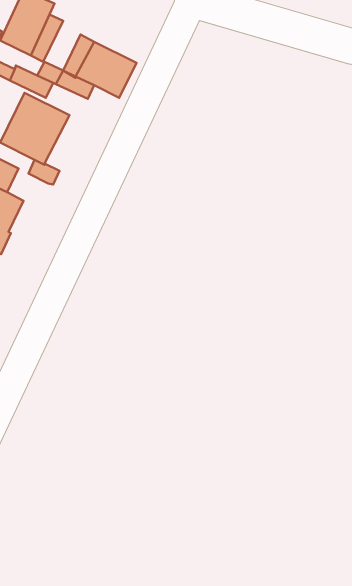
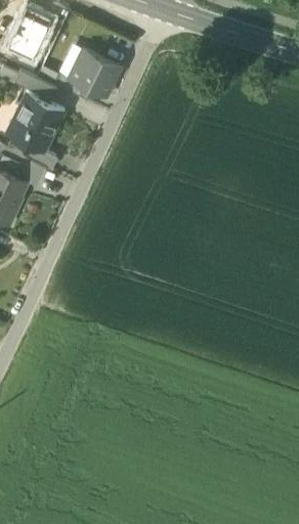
building: none -> [13,155,47,185]

